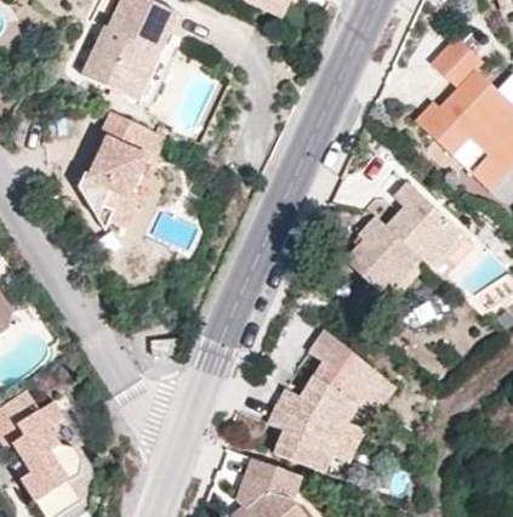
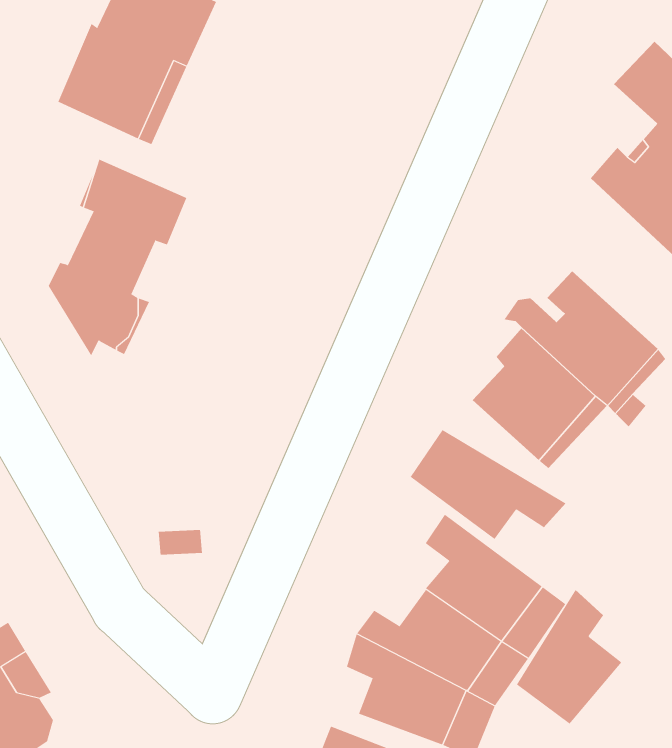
building: none -> [410,429,567,540]
building: none -> [516,589,622,725]

